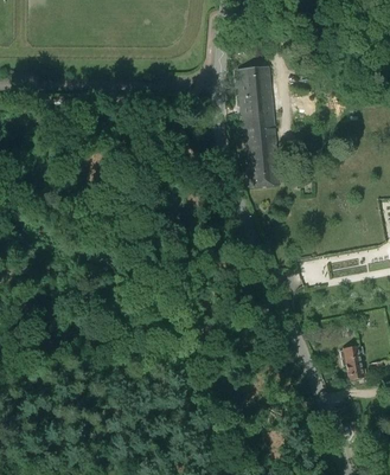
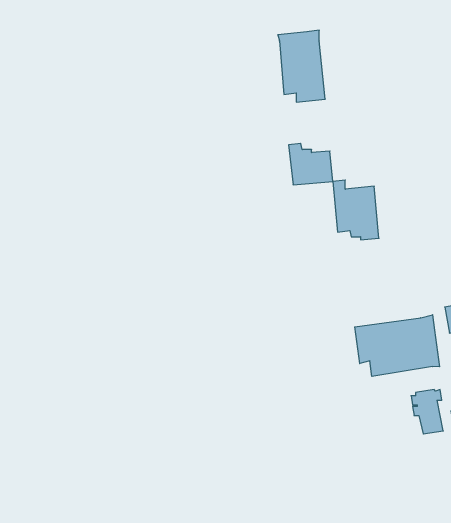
building: [241,115,276,161] -> [333,180,379,240]
building: none -> [355,315,440,376]

